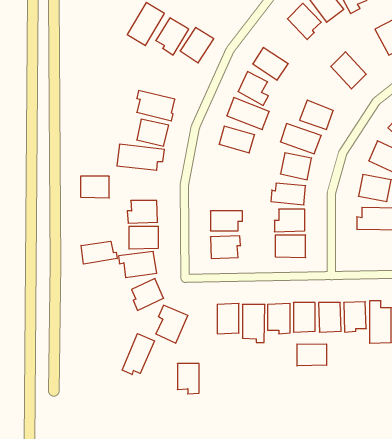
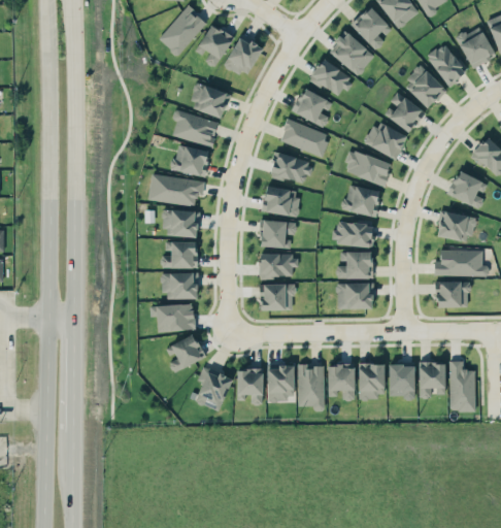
building: none -> [333,32,375,75]
building: none -> [426,42,468,86]
building: none -> [190,84,230,119]
building: none -> [385,92,425,133]
building: none -> [263,187,299,216]
building: [81,176,109,198] -> [164,210,198,236]
building: none -> [261,220,296,248]
building: none -> [436,280,469,307]
building: [81,241,117,264] -> none
building: [122,334,155,375] -> none
building: [297,344,327,366] -> none
building: [177,364,199,394] -> [237,369,263,405]

